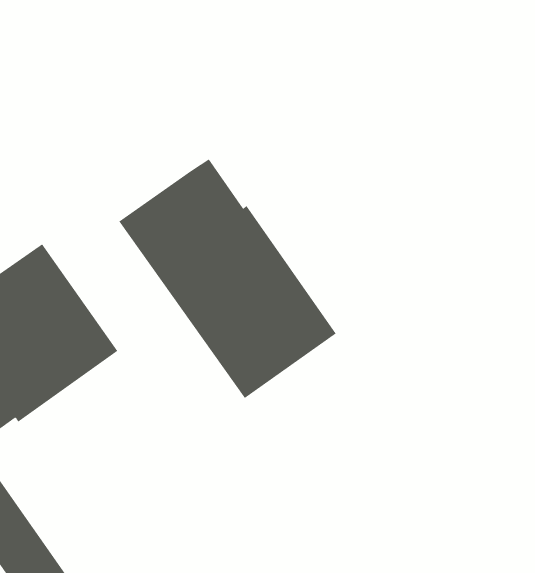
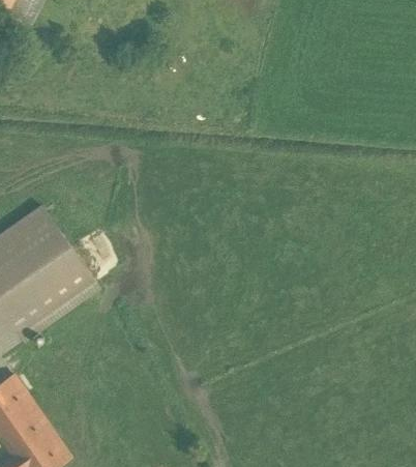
building: [119,158,337,399] -> none

